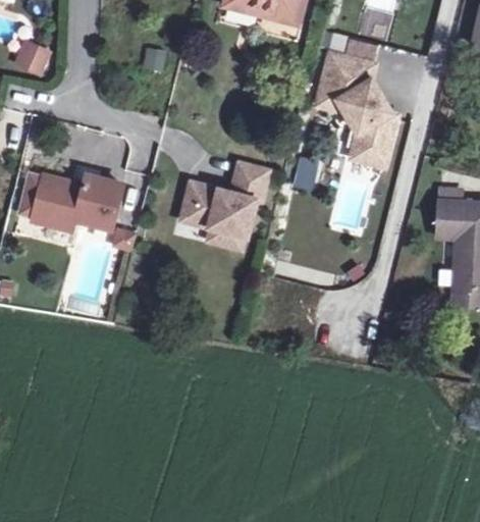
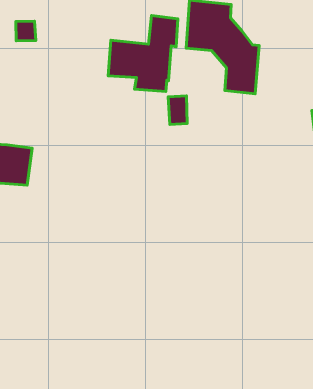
building: [180,160,267,246] -> [108,16,178,91]

